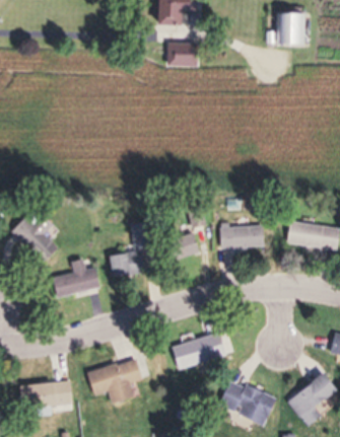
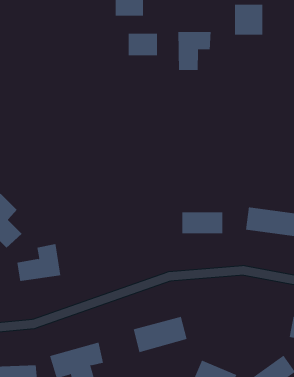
building: none -> [178,31,211,71]
building: [163,235,199,259] -> none
building: [111,251,147,275] -> none

